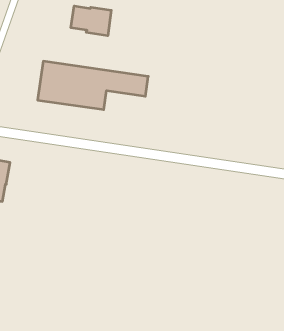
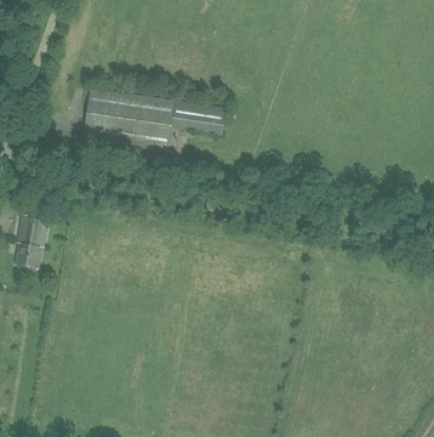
building: [71,6,111,36] -> none

